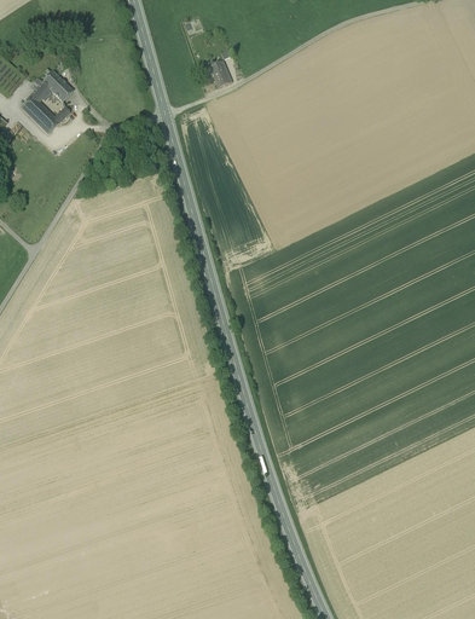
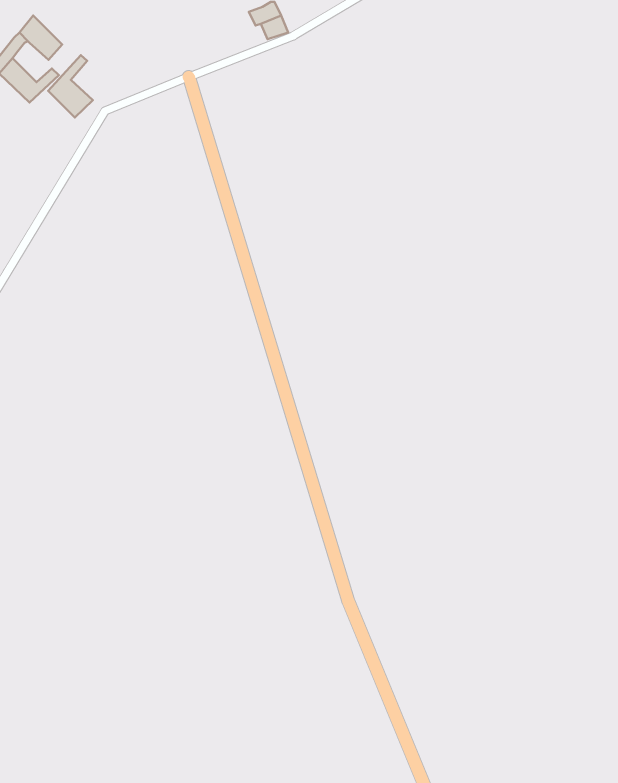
building: none -> [48,55,93,117]

